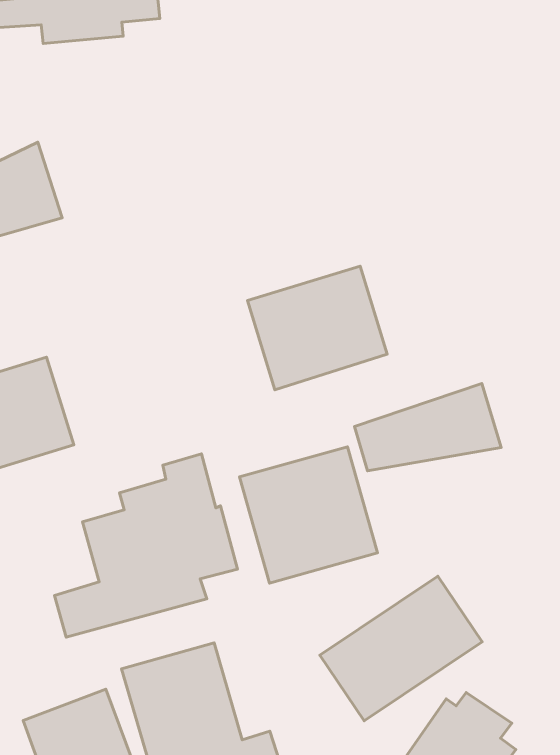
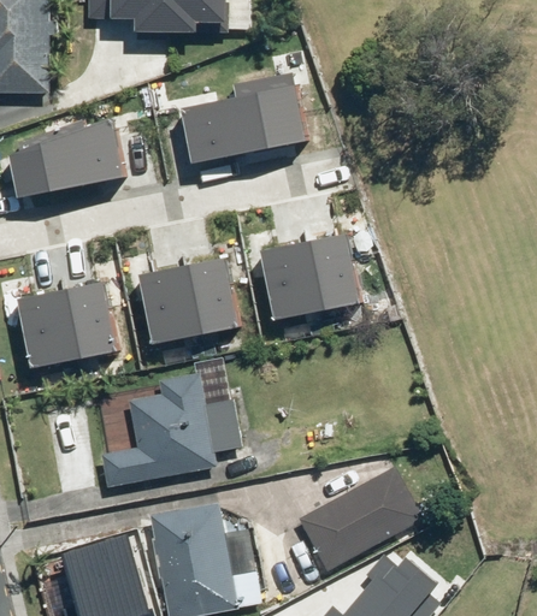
building: none -> [182,81,306,160]
building: none -> [141,253,243,340]
building: [354,384,501,471] -> none
building: [240,447,377,583] -> none

